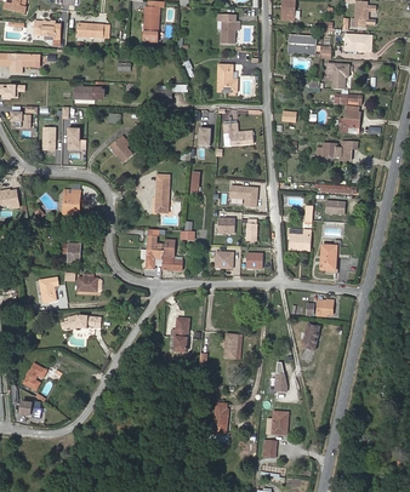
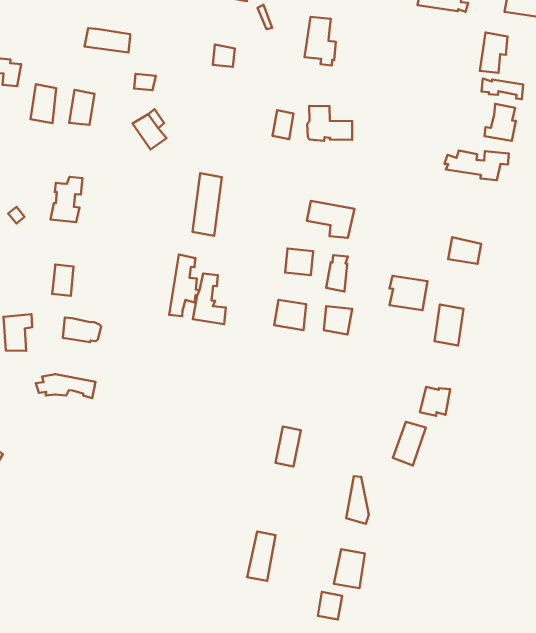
building: [169,316,193,353] -> none

